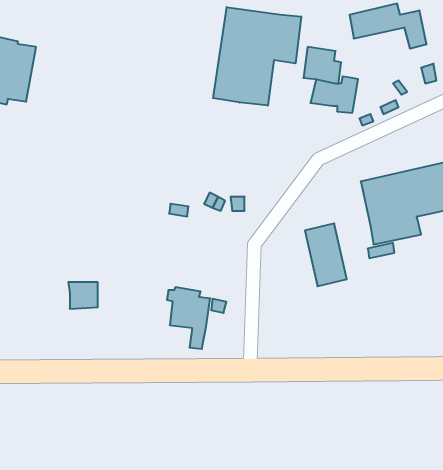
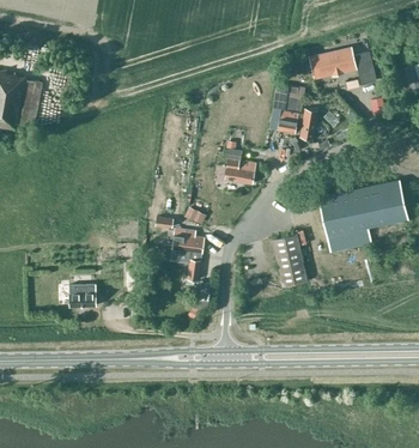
building: [213,7,301,106] -> none
building: none -> [225,150,255,184]
building: [167,287,210,349] -> [168,229,205,281]

